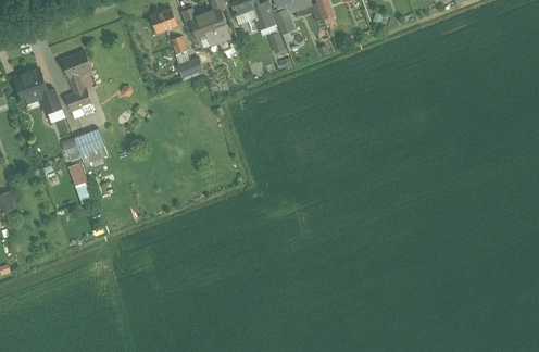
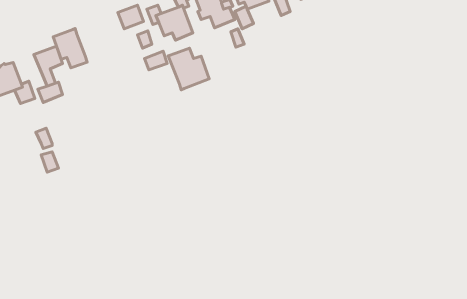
building: none -> [53,29,87,68]
building: none -> [168,48,209,90]
building: [73,128,103,154] -> none

